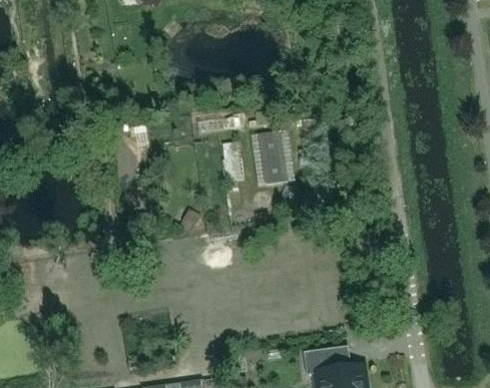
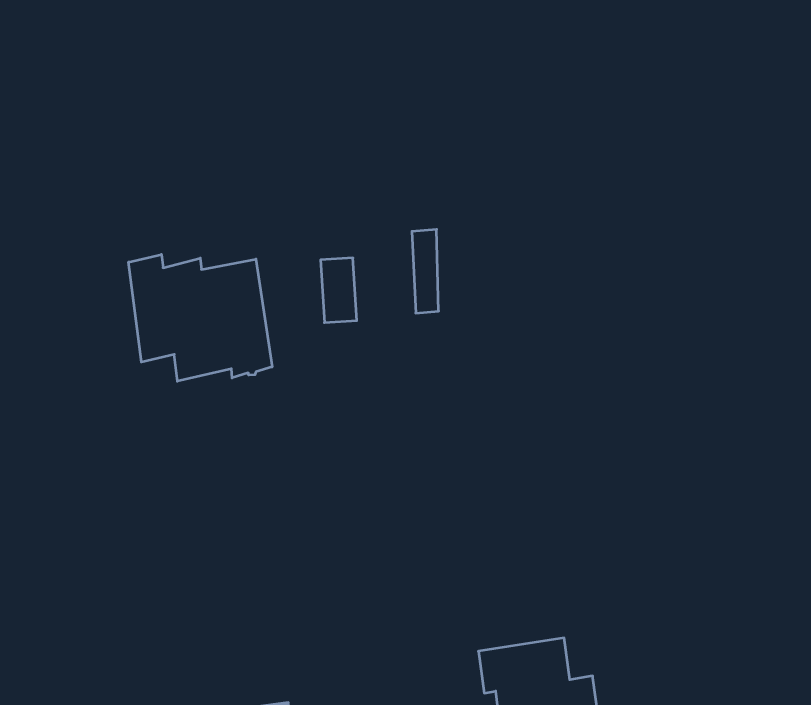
building: none -> [129,254,272,381]

